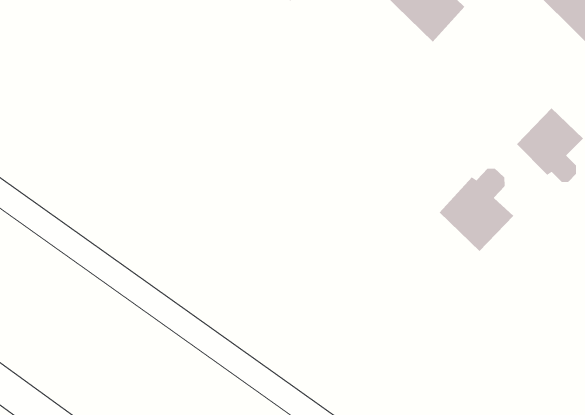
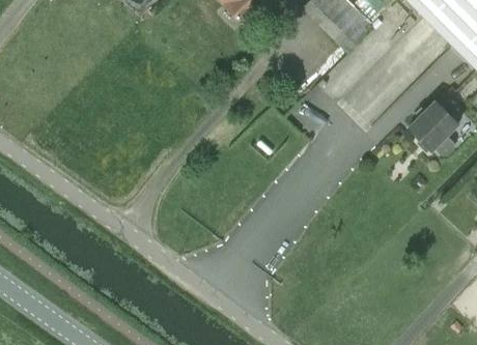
building: [439,168,514,252] -> none

